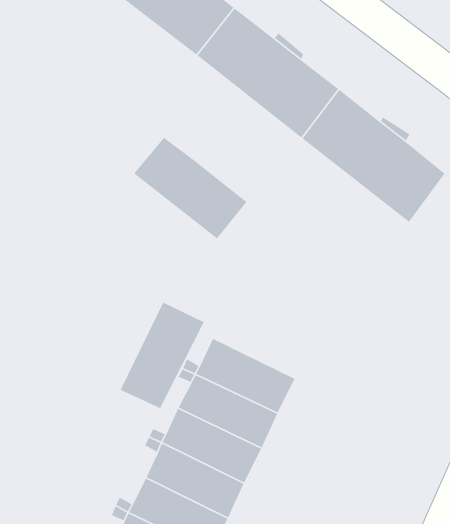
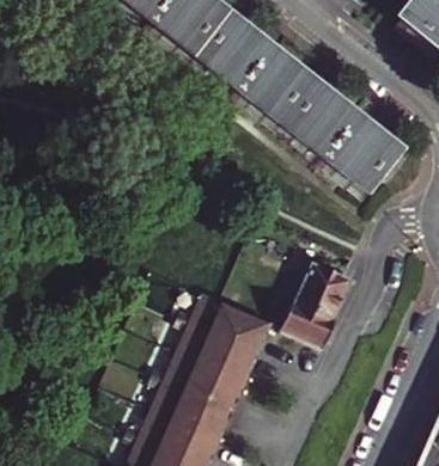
building: [133,137,247,239] -> none
building: [119,302,205,409] -> none
building: none -> [282,260,353,345]

